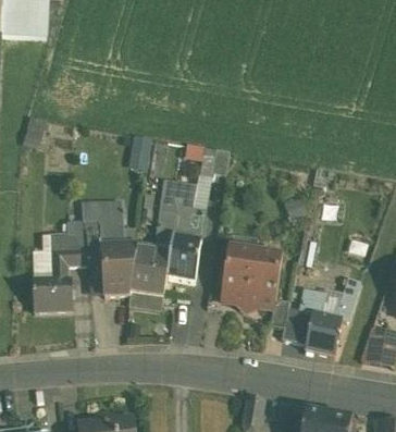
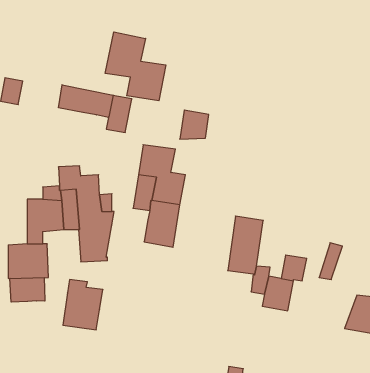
building: none -> [105,32,166,101]
building: none -> [59,85,113,118]
building: [129,246,169,295] -> [63,280,103,330]
building: [221,247,255,304] -> none
building: none -> [10,278,45,302]
building: [304,312,342,356] -> none

